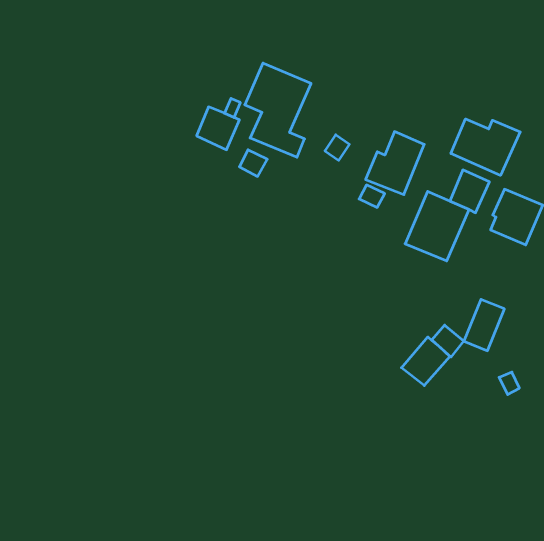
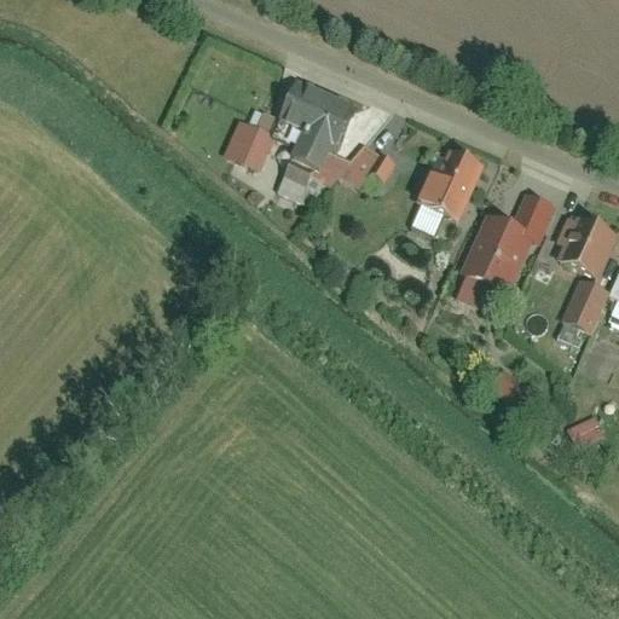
building: [451,119,520,175] -> none
building: none -> [345,141,382,185]
building: [464,299,504,351] -> [562,282,608,340]
building: [401,337,450,386] -> none

